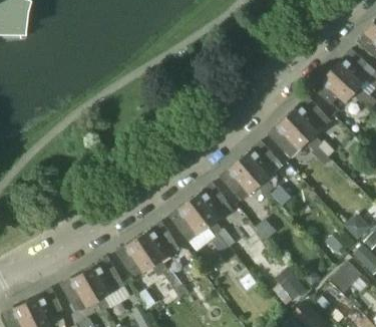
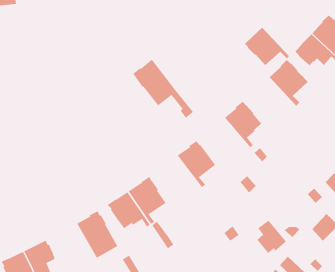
building: [268,116,316,157] -> [244,27,290,66]
building: [219,159,267,202] -> none
building: [168,200,234,263] -> [132,59,194,118]
building: [60,272,104,311] -> none

